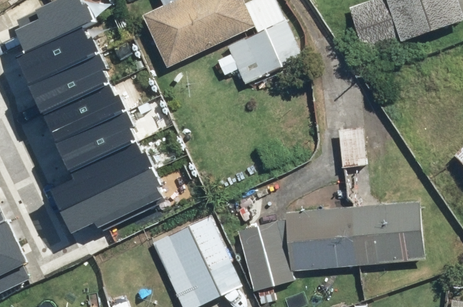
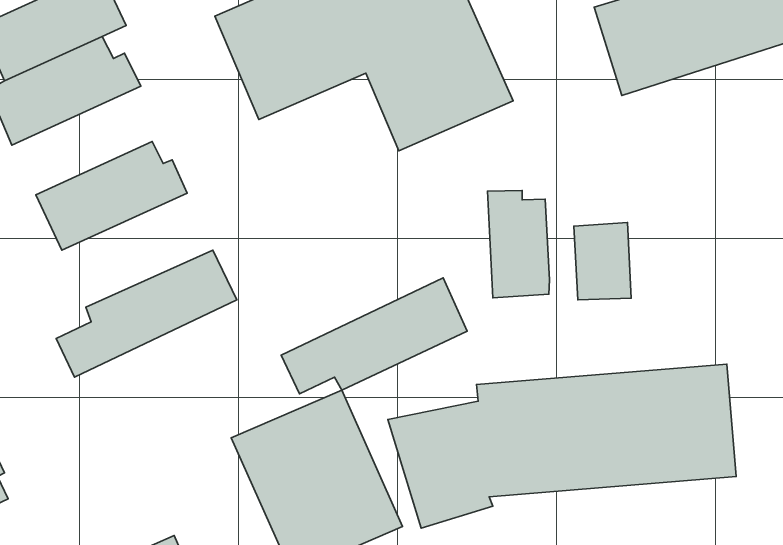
building: [30,50,107,109] -> none
building: none -> [487,190,550,298]
building: [57,108,139,170] -> none
building: [64,166,165,229] -> [281,278,467,394]

